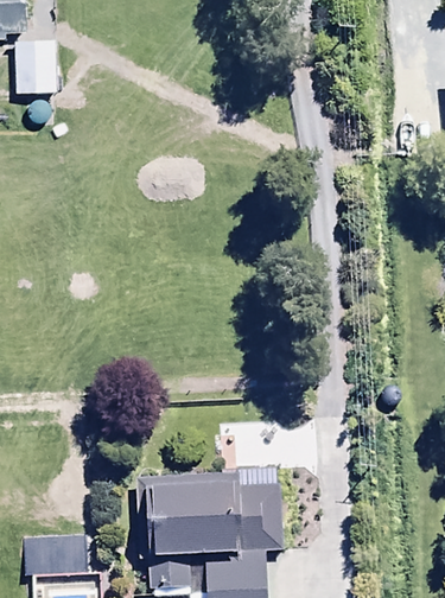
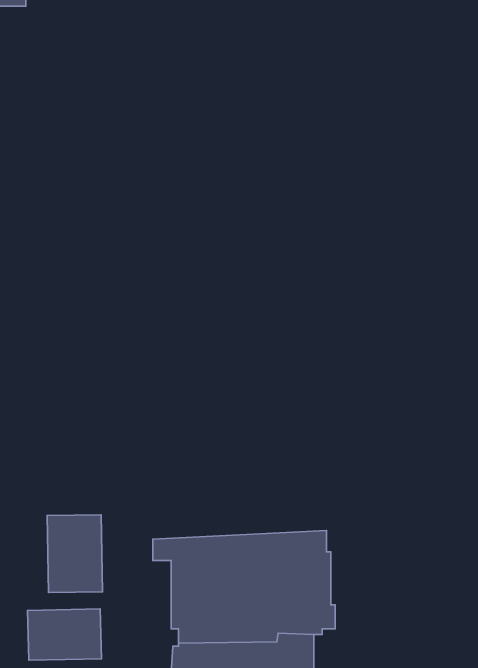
building: [17,43,57,98] -> none
building: none -> [47,515,103,592]

